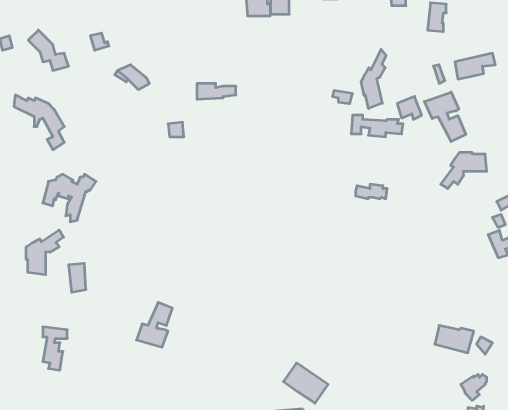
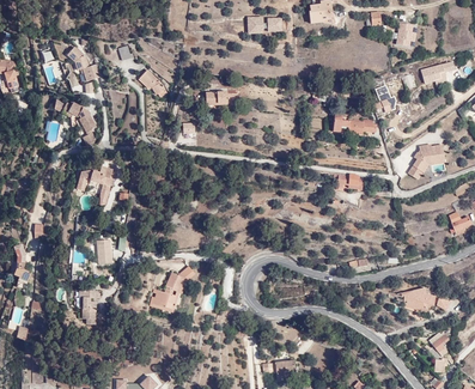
building: [361,49,386,109] -> none
building: [424,92,466,142] -> none
building: [26,230,64,275] -> none

